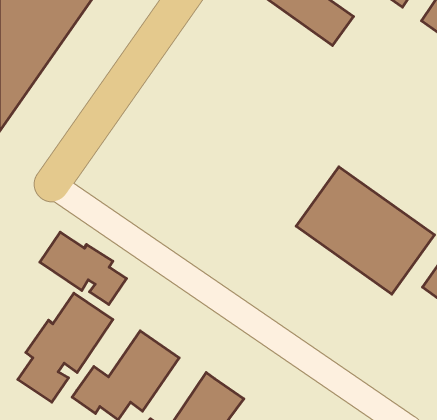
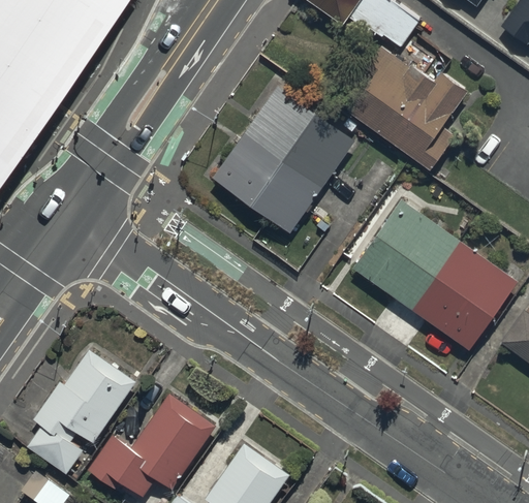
building: none -> [342,51,467,164]
building: none -> [208,82,357,234]
building: [40,232,127,305] -> none

